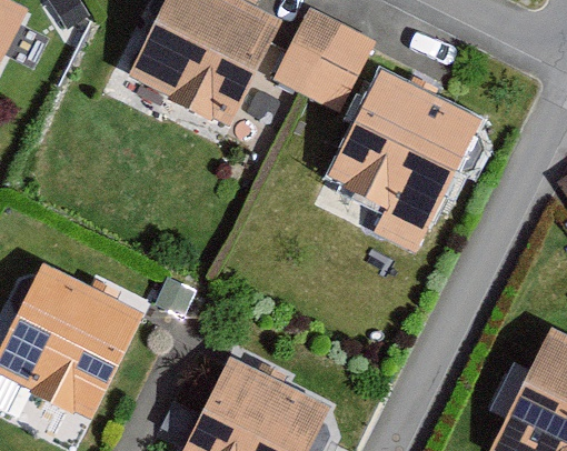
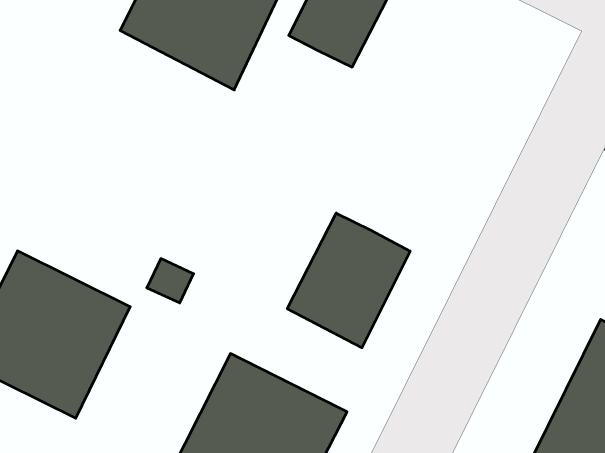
building: [327,70,480,251] -> none
building: none -> [287,213,410,348]

